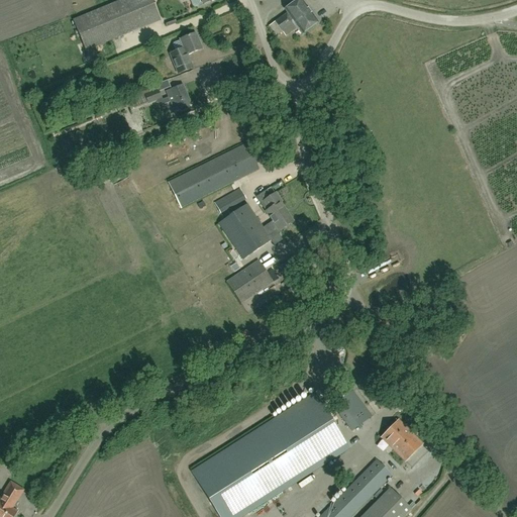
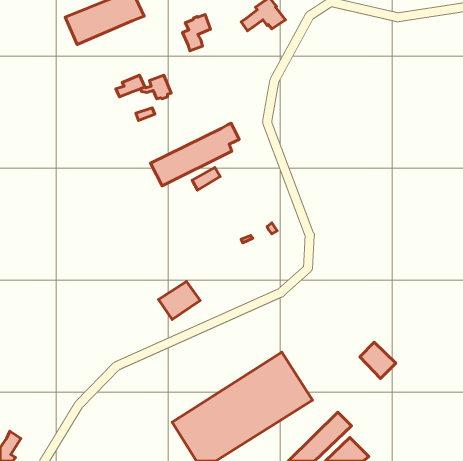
building: [170,32,201,73] -> [183,15,211,51]
building: [219,192,293,258] -> none
building: [227,260,274,302] -> [158,281,200,320]
building: [333,391,372,430] -> none
building: [382,420,422,460] -> [360,342,396,378]

